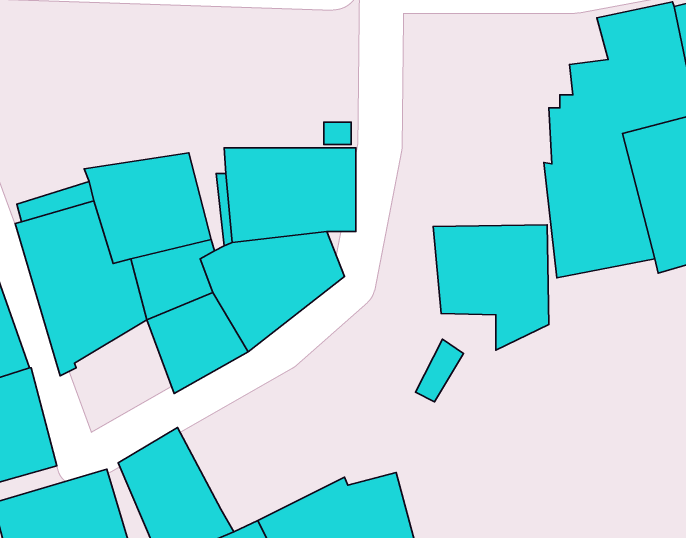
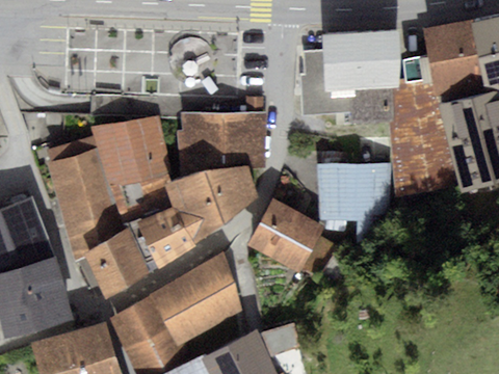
building: none -> [299,30,398,124]
building: none -> [246,199,324,273]
building: none -> [84,224,149,300]
building: none -> [151,252,243,347]

